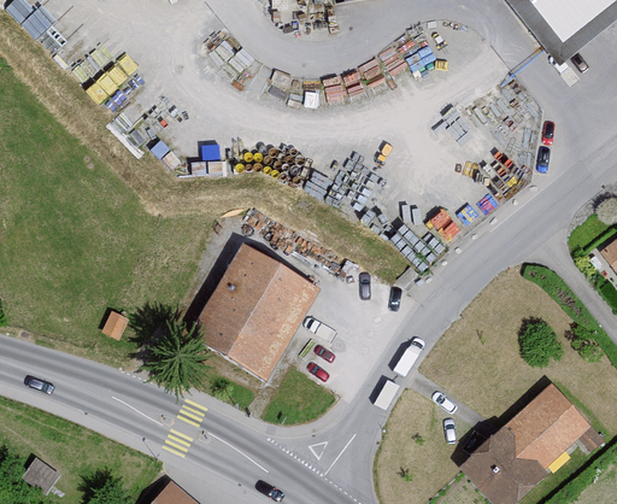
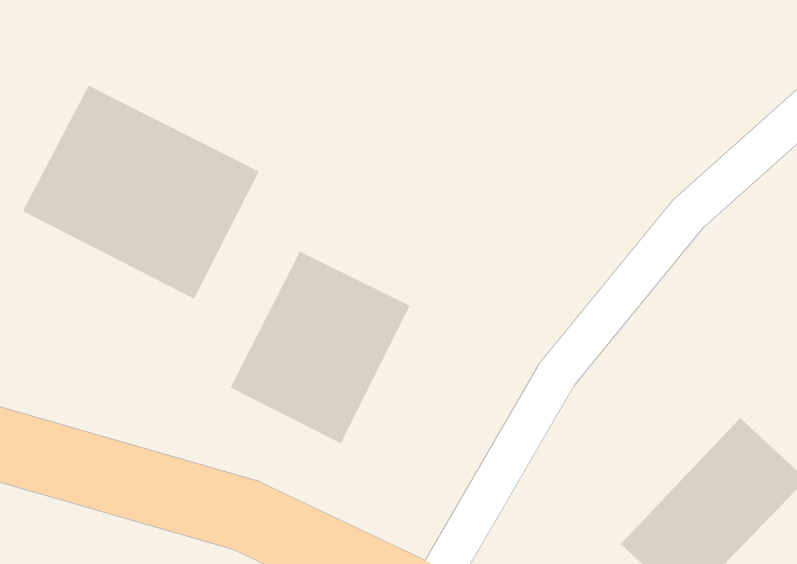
building: none -> [22,85,260,300]

